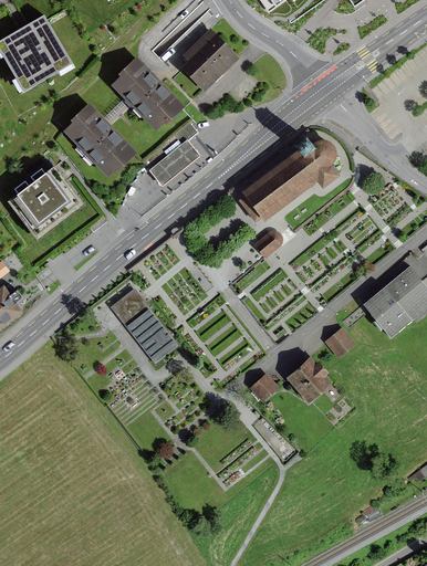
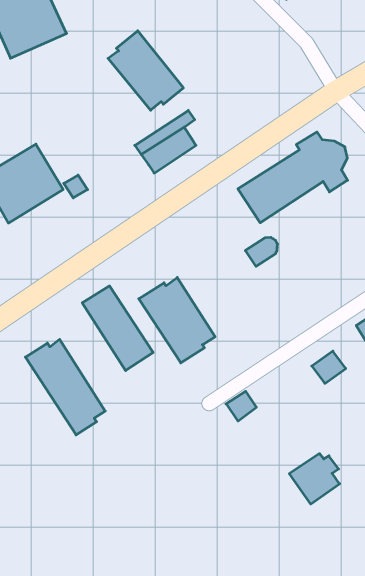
building: [184,28,238,90] -> none
building: [64,104,136,174] -> none
building: none -> [139,277,215,363]
building: none -> [25,339,105,435]
building: [284,356,331,402] -> [289,454,340,504]

